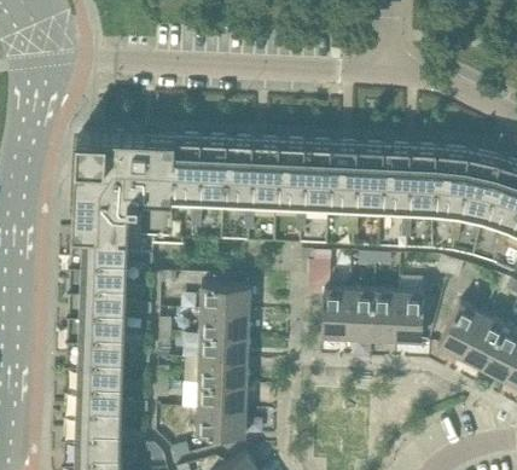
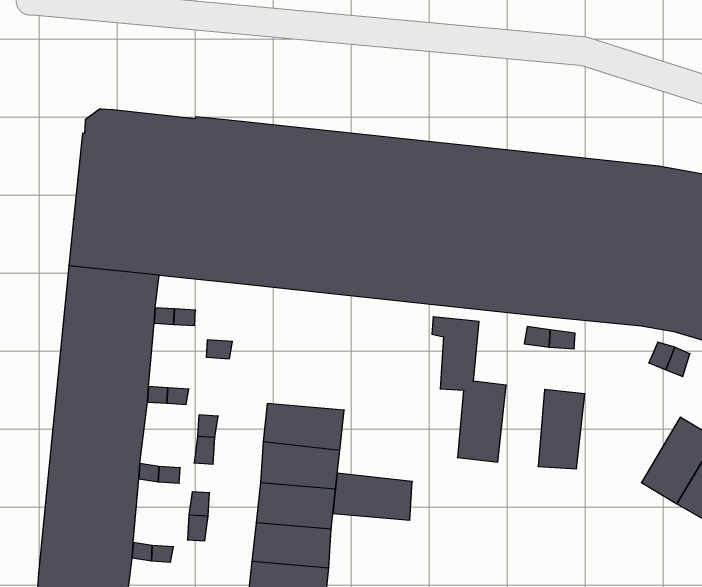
building: [202,284,250,311] -> [333,473,412,520]
building: [348,289,374,338] -> none
building: [397,291,425,340] -> none

